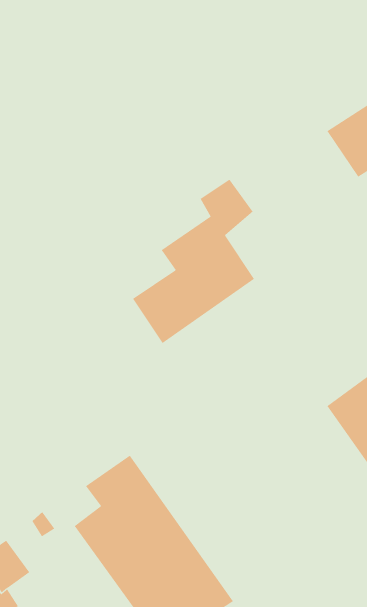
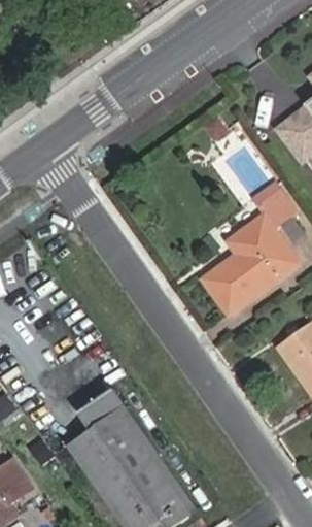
building: [132,179,255,344] -> [199,182,300,318]

